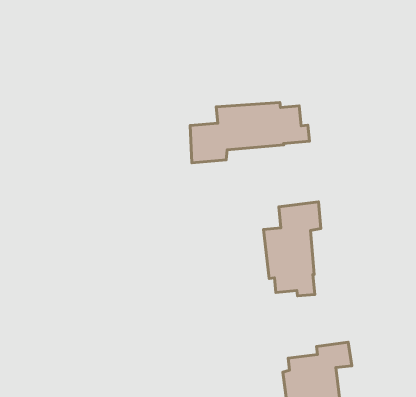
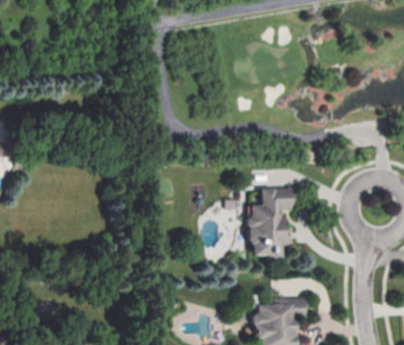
building: [190,103,309,163] -> none

